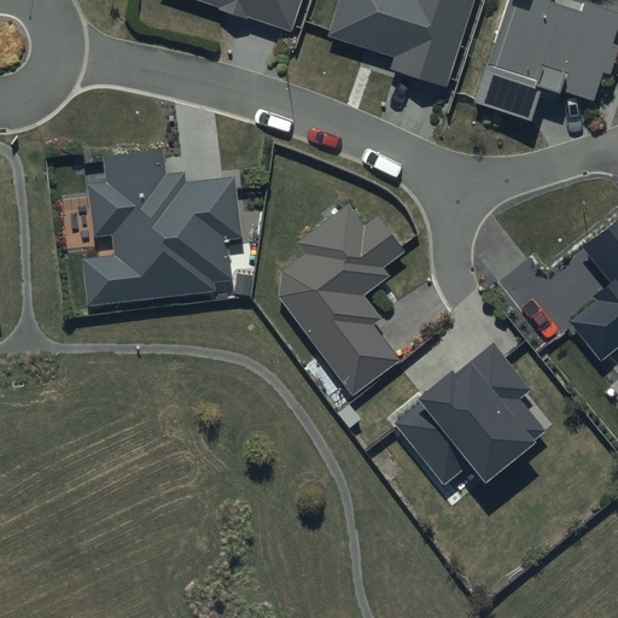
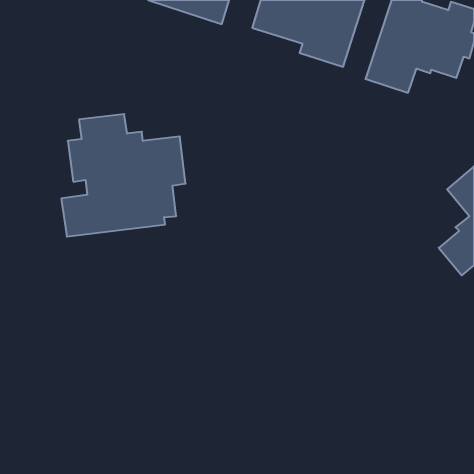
building: [279,203,406,397] -> none
building: [396,342,548,483] -> none

